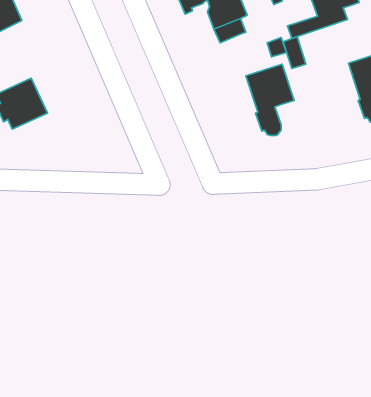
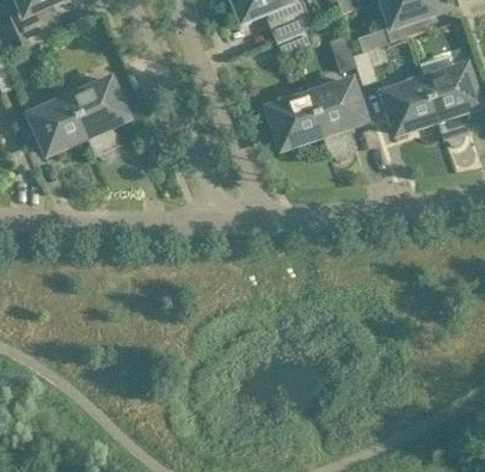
building: none -> [70,75,127,157]
building: none -> [383,75,438,129]
building: none -> [269,90,324,145]

